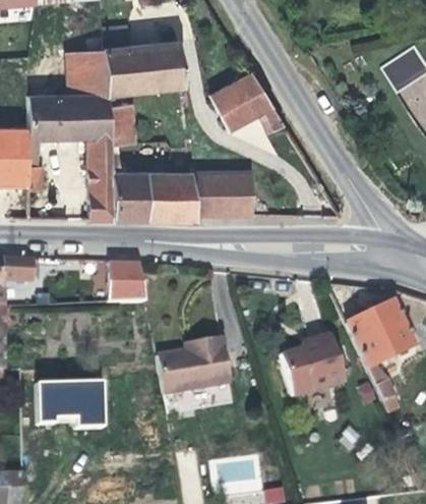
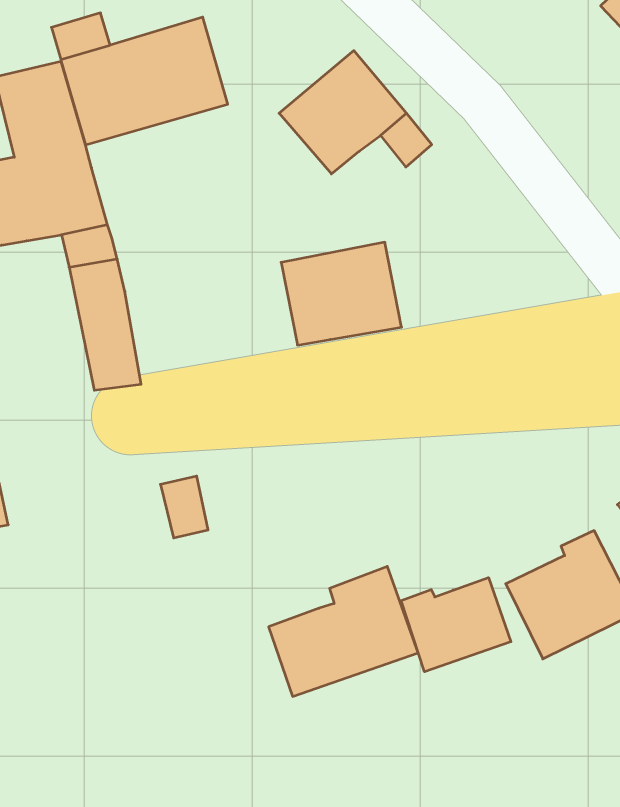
building: [107,104,136,144] -> none
building: [113,171,196,221] -> none
building: none -> [401,578,511,672]
building: [37,383,107,431] -> none

